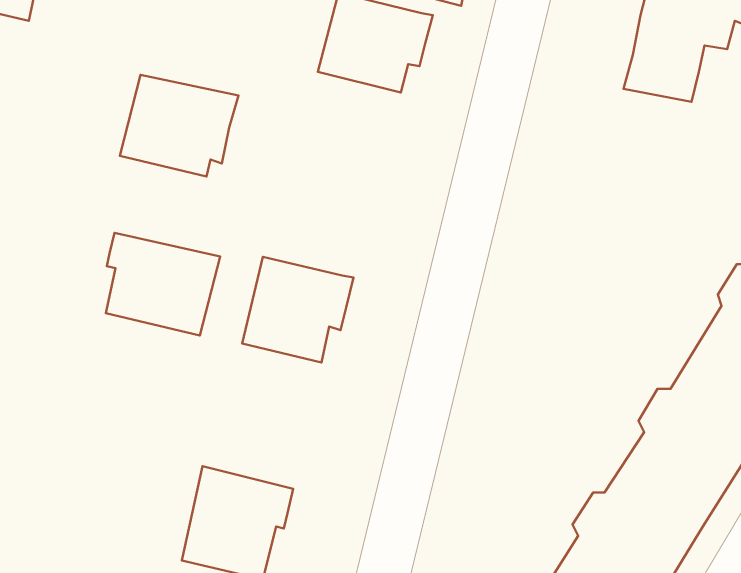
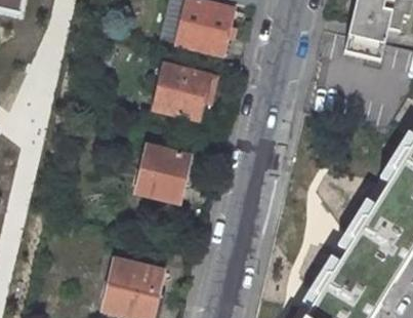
building: [120,75,239,177] -> [153,64,217,119]
building: [106,233,220,336] -> none

